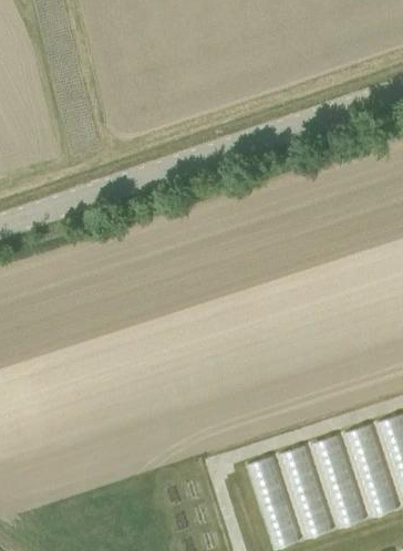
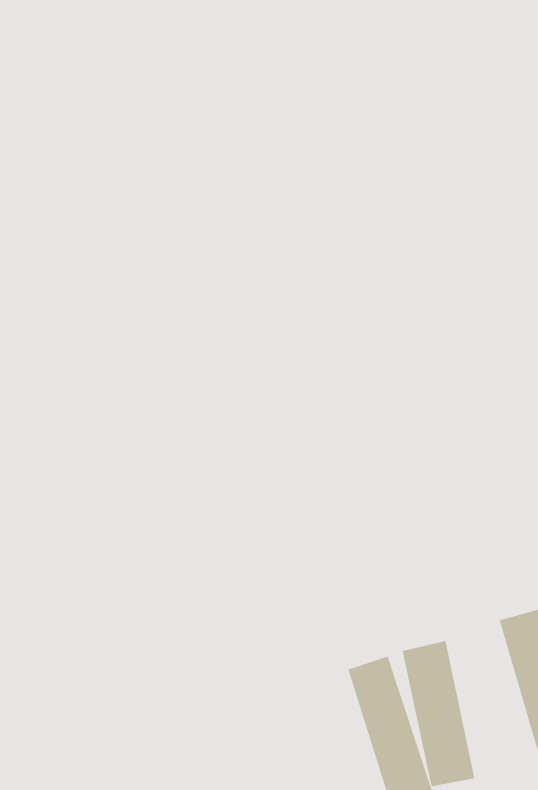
building: [314,434,365,529] -> none

